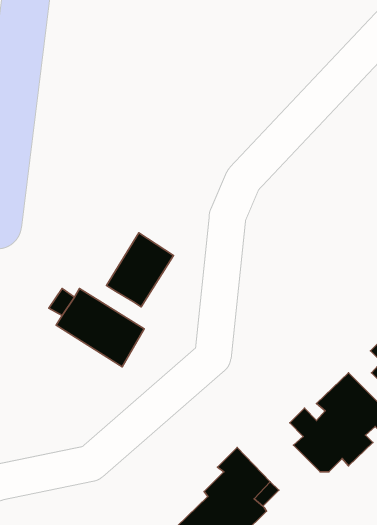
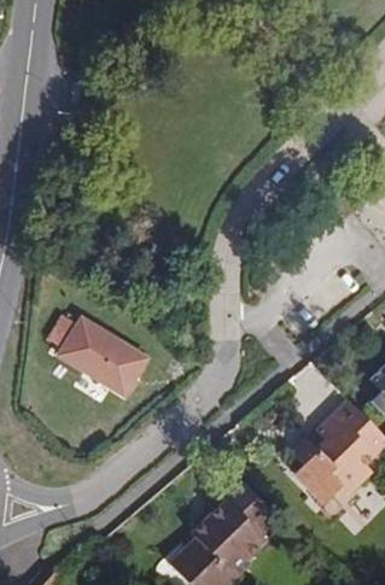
building: [106,233,173,307] -> none

